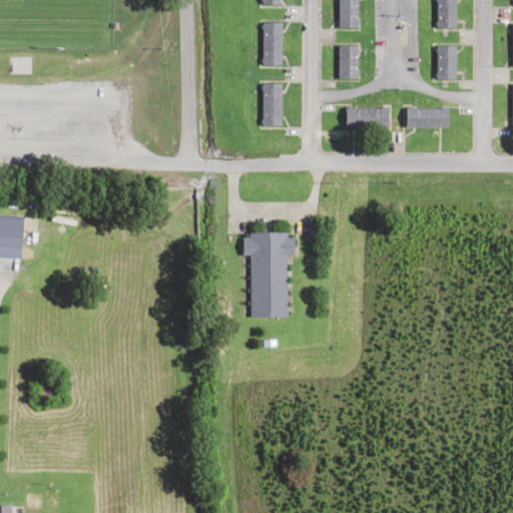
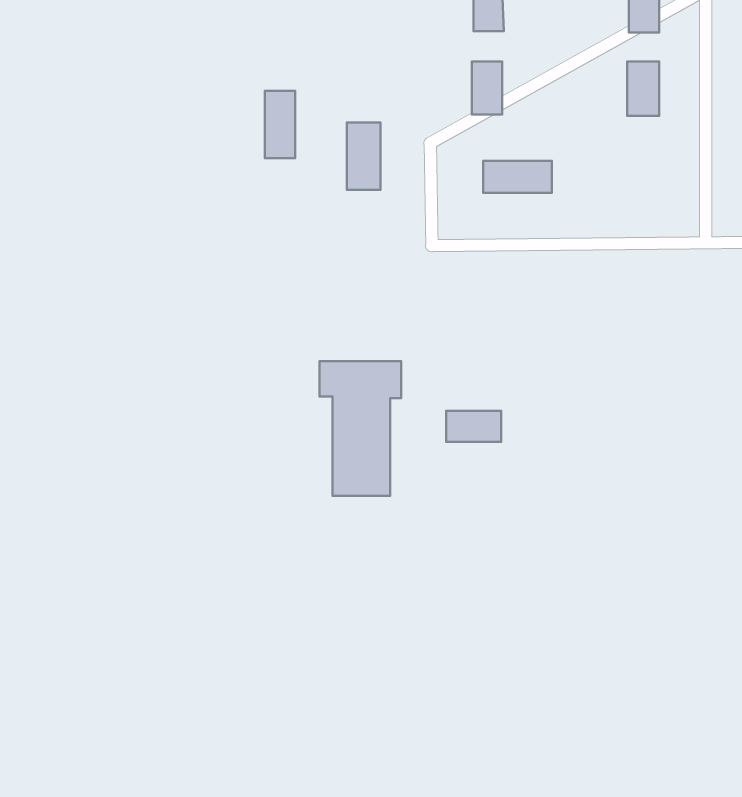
building: [263,23,282,65] -> [265,91,295,158]
building: [406,107,449,127] -> none
building: none -> [446,411,501,442]

